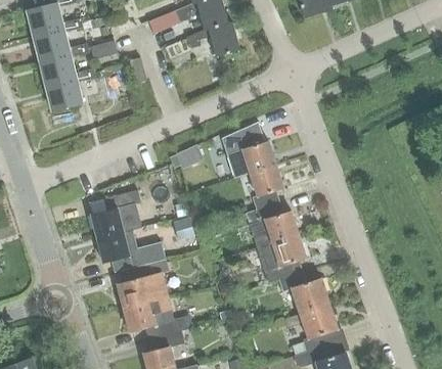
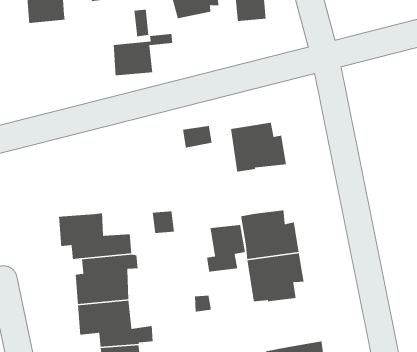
building: [45,68,94,111] -> [113,33,173,76]
building: [251,165,283,209] -> [206,224,246,273]
building: [91,190,140,238] -> none
building: [278,272,328,313] -> none

